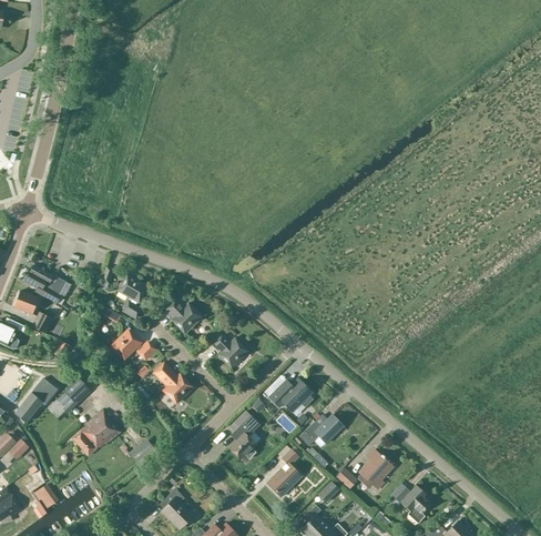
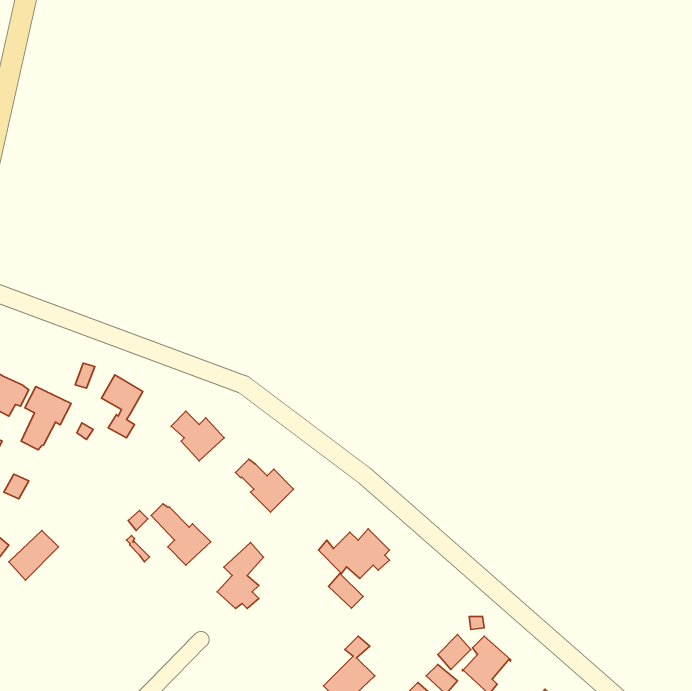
building: none -> [21,387,71,450]
building: [112,330,154,358] -> none
building: [72,408,121,455] -> none
building: [228,414,259,458] -> [217,542,264,609]
building: [299,414,343,445] -> none

